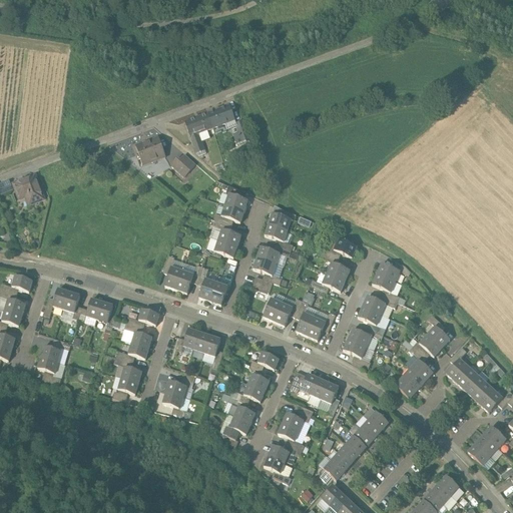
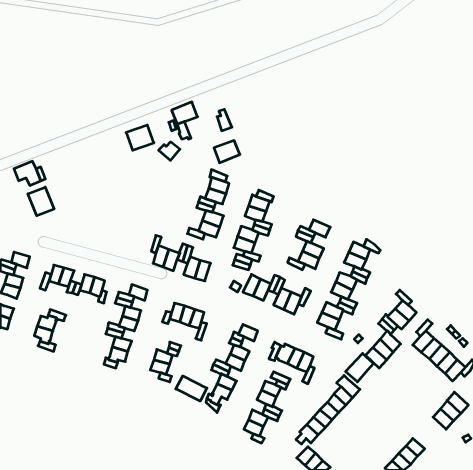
building: [208,102,236,126] -> [214,141,240,163]
building: none -> [28,187,54,216]
building: none -> [346,353,373,382]
building: none -> [176,376,207,401]

